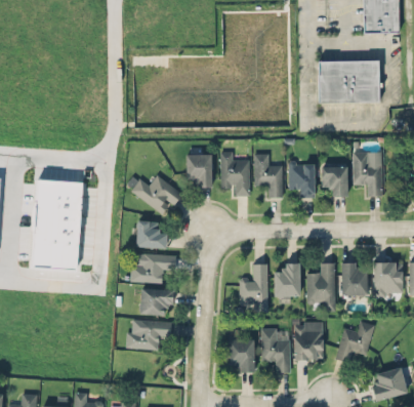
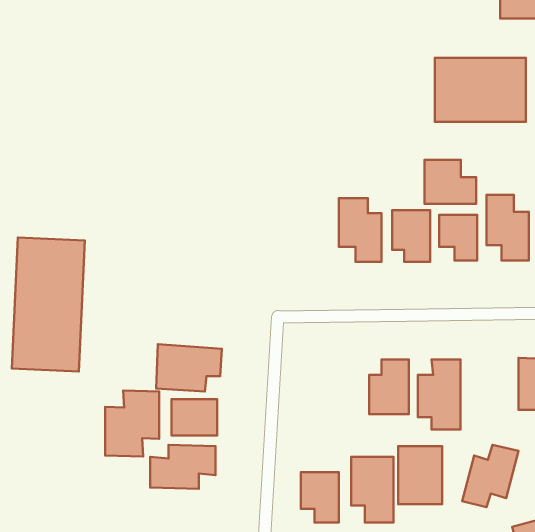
building: none -> [424,160,476,204]
building: [220,152,249,195] -> none
building: [185,154,211,187] -> none
building: [125,171,181,215] -> none
building: [135,220,166,248] -> none
building: [340,262,366,295] -> none
building: [239,263,267,311] -> none
building: none -> [105,391,159,457]

